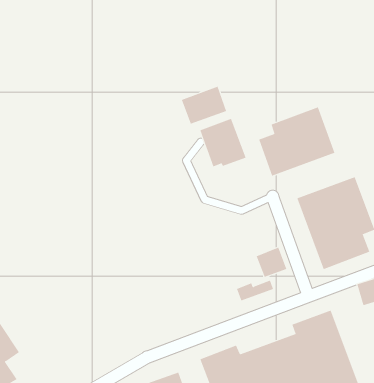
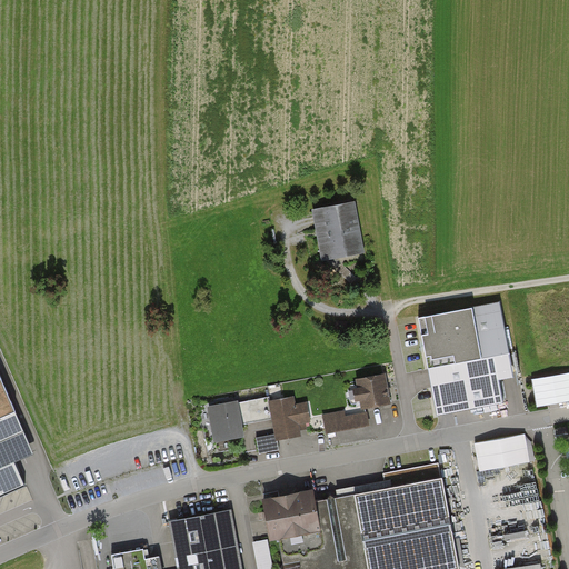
building: [181,86,227,125] -> none
building: [258,107,335,177] -> none
building: none -> [206,398,311,458]

